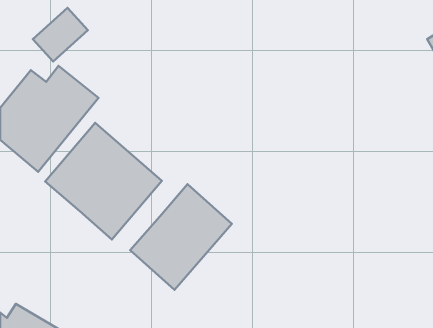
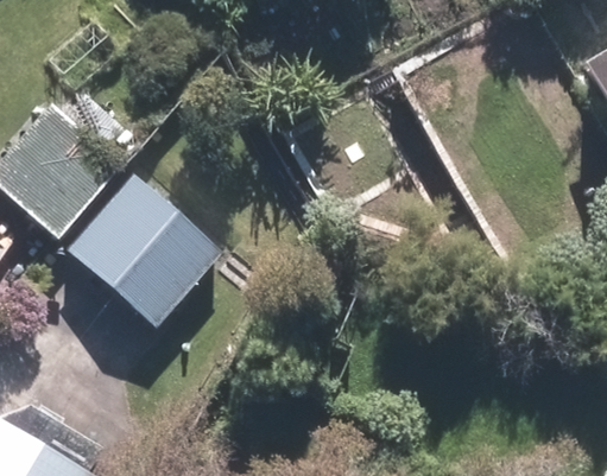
building: [130,184,232,290] -> none

